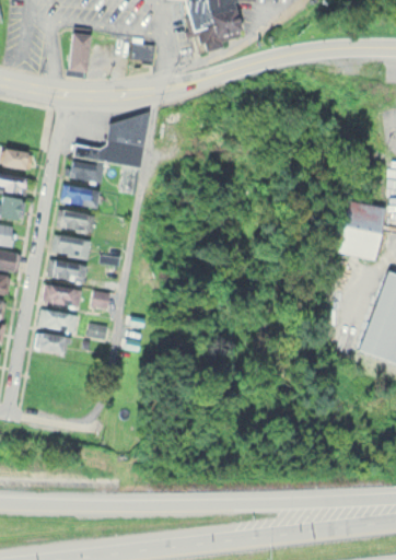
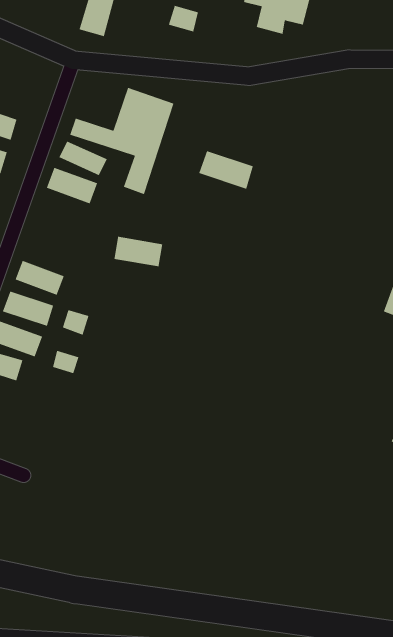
building: none -> [198,150,254,190]
building: [59,210,88,230] -> none
building: [55,237,91,256] -> [113,236,163,267]

